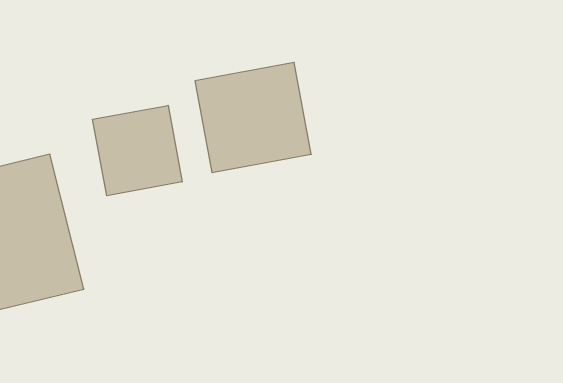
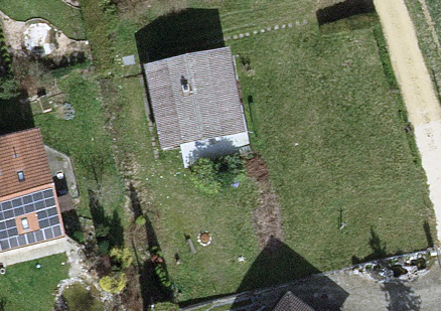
building: [93,105,182,196] -> none

